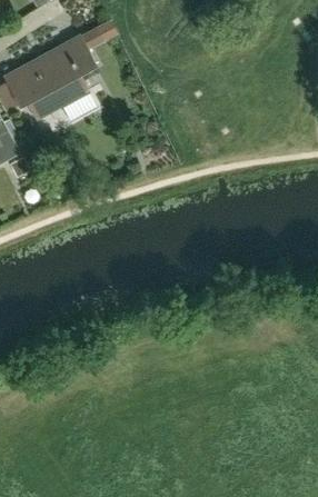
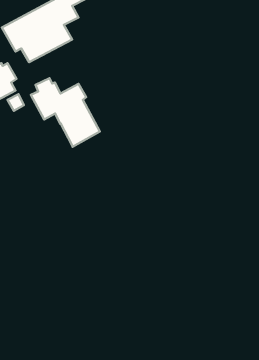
building: none -> [31,78,100,147]

